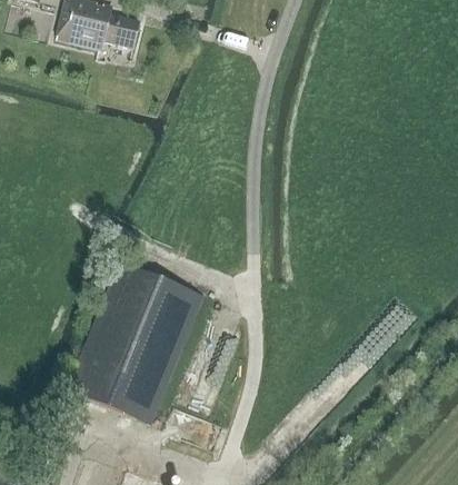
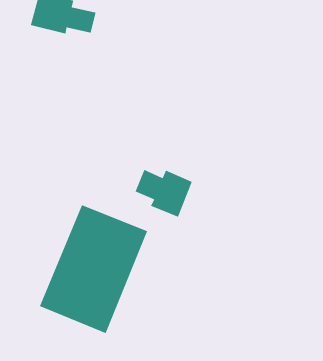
building: none -> [135,169,193,218]

